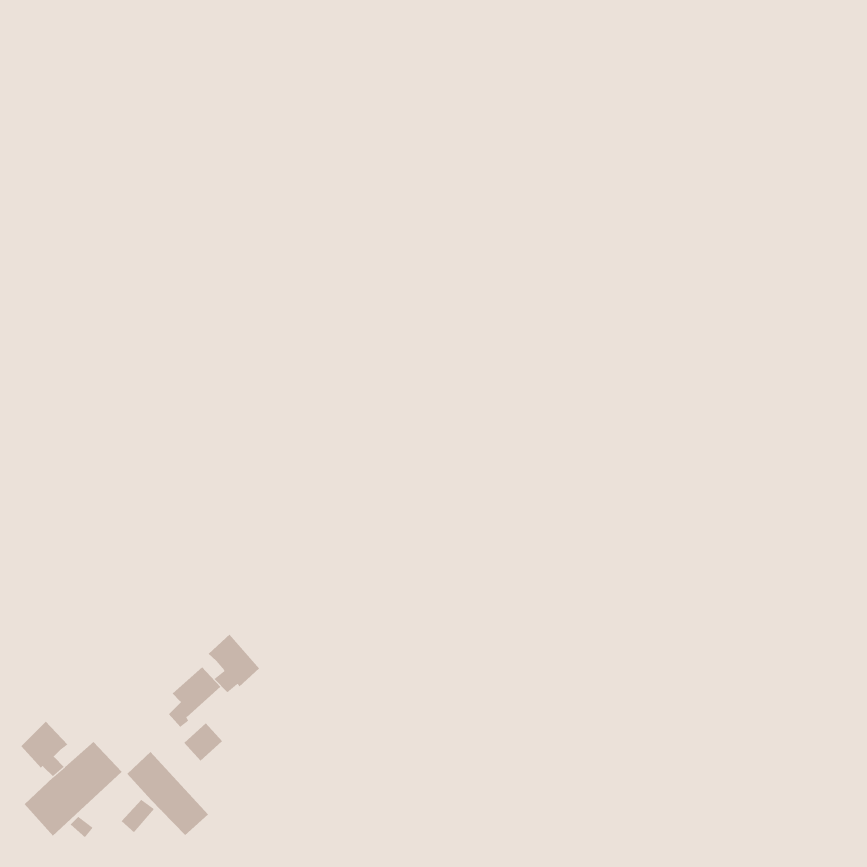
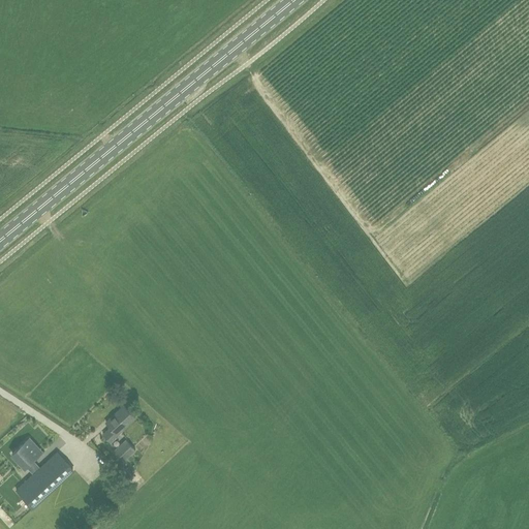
building: [208,634,260,693] -> none
building: [127,751,209,836] -> none

